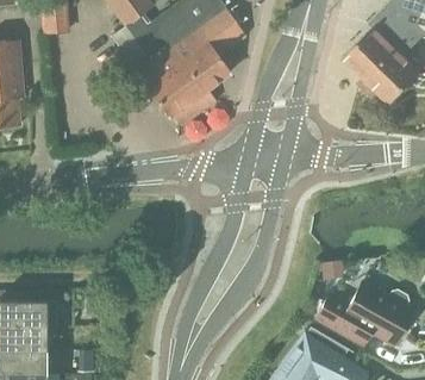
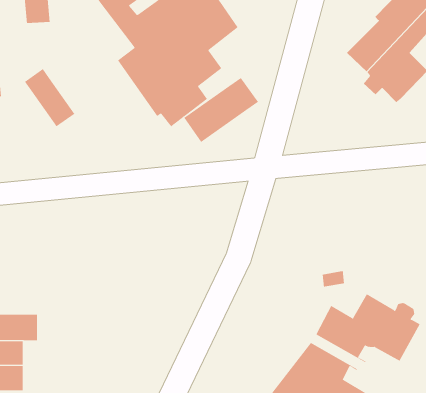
building: none -> [24,68,75,127]
building: none -> [183,77,259,143]

